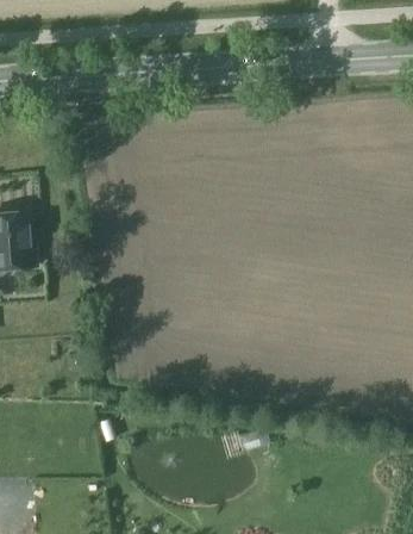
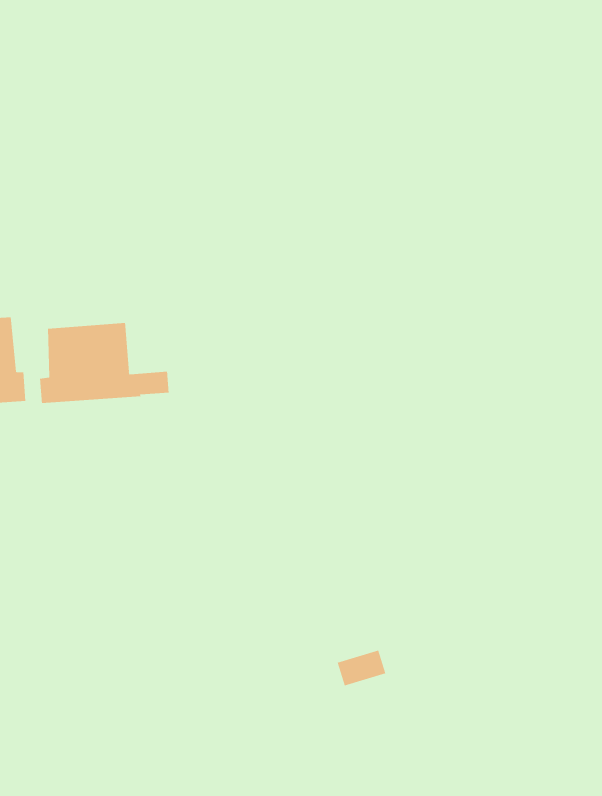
building: none -> [39,322,169,404]

